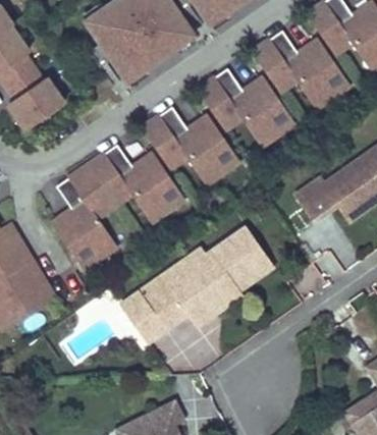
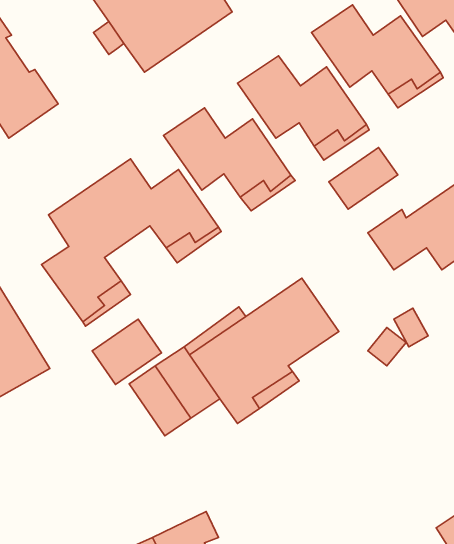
building: none -> [329,147,398,209]
building: none -> [92,319,162,384]

